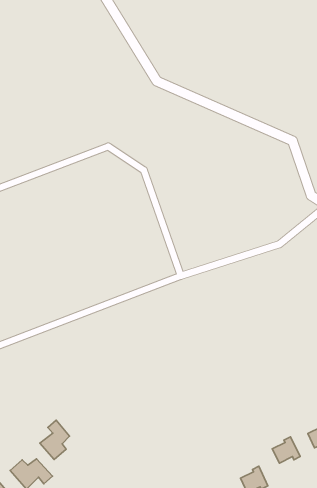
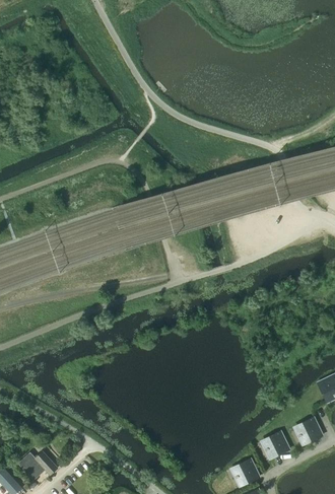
building: [40,420,70,460] -> none

